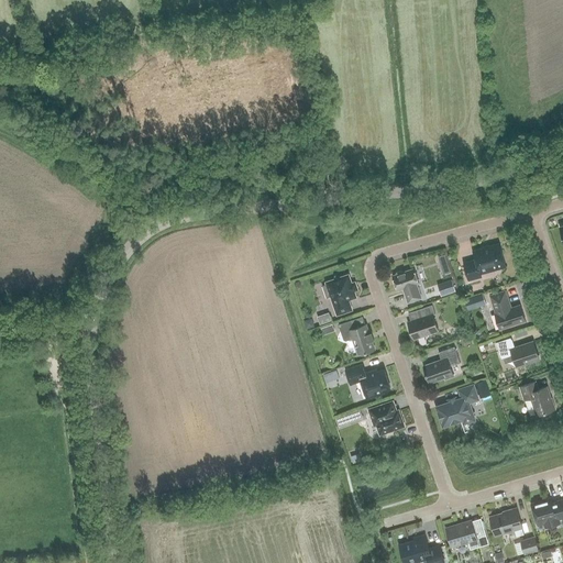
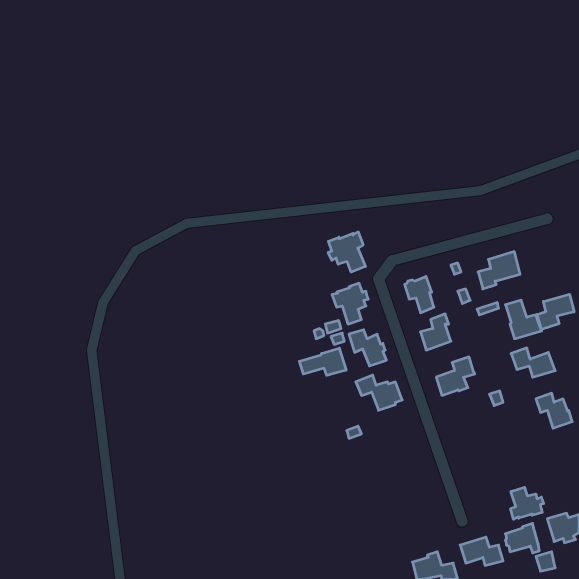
building: none -> [328,232,365,272]
building: none -> [537,294,574,330]
building: none -> [299,348,346,375]
building: [438,385,478,426] -> none
building: [369,405,404,434] -> none
building: none -> [511,487,544,519]

